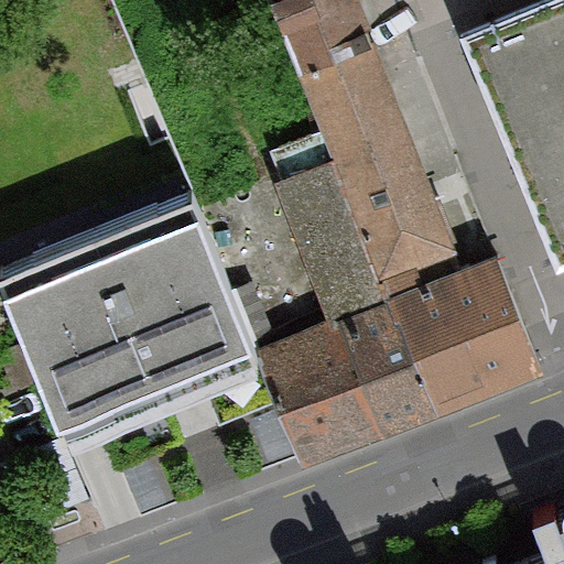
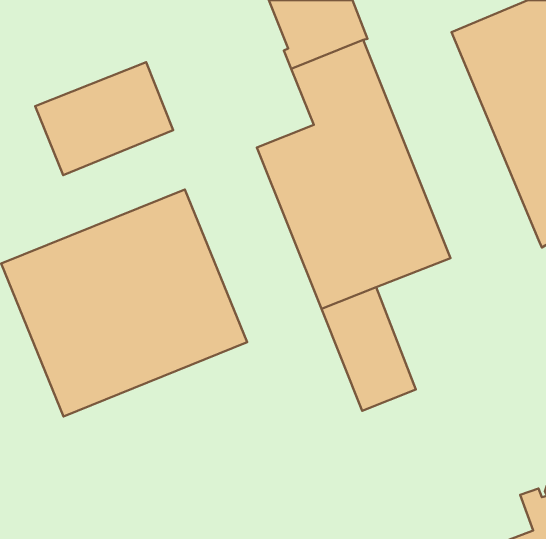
building: none -> [35,62,173,175]
building: [389,265,531,410] -> none
building: [258,327,375,462] -> none

